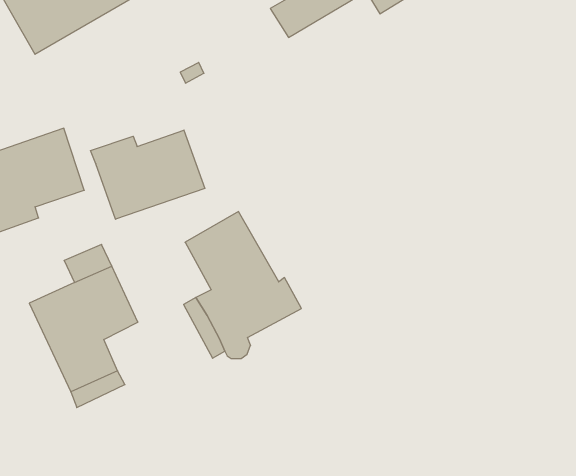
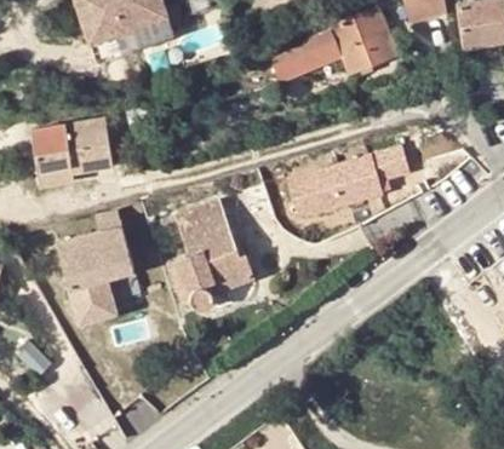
building: none -> [286,145,411,221]
building: [91,130,205,219] -> none

